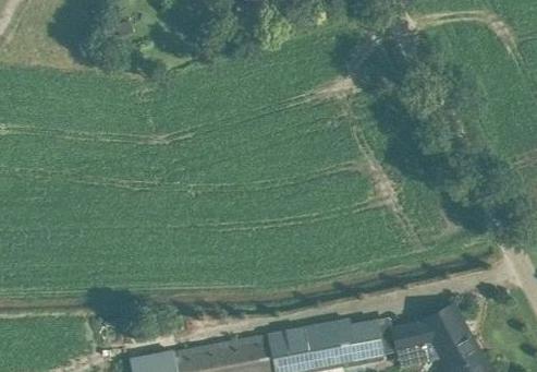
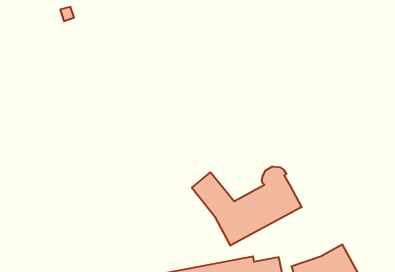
building: none -> [192,166,302,246]

